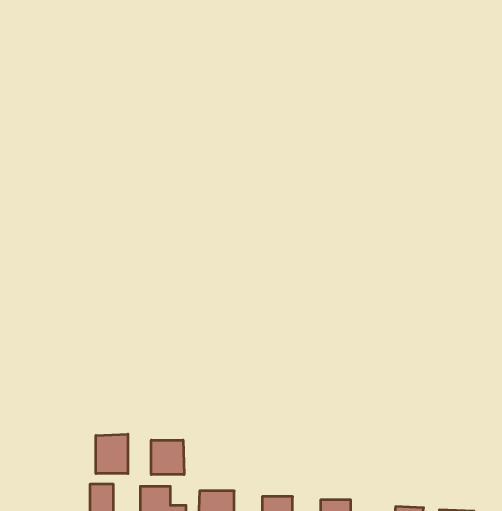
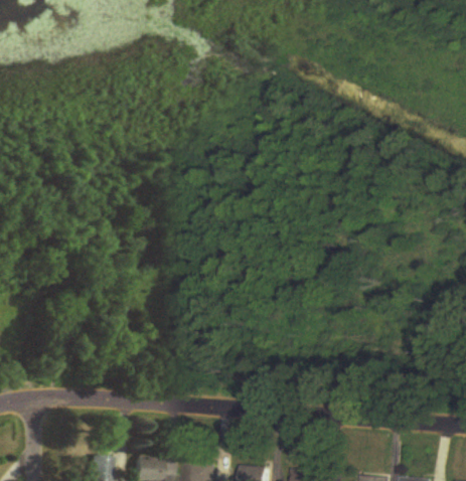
building: [96,434,128,474] -> none
building: [151,440,184,475] -> none

